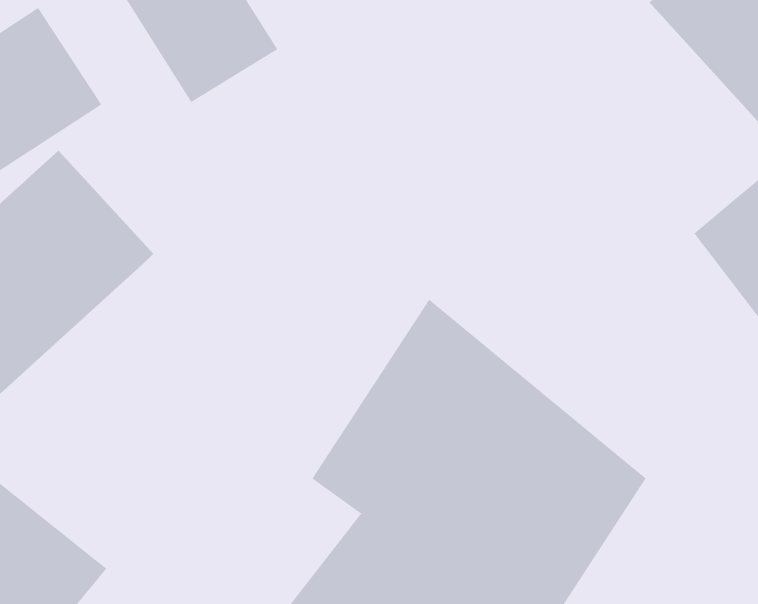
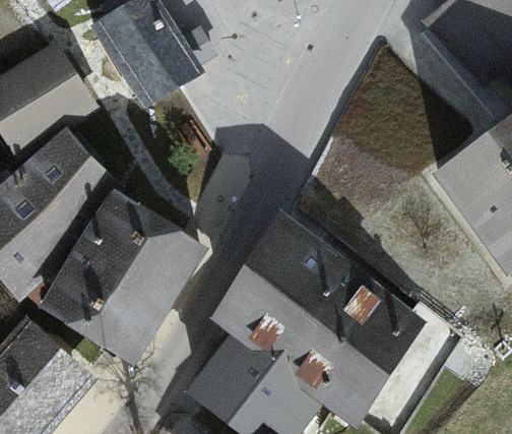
building: none -> [45,194,202,355]

